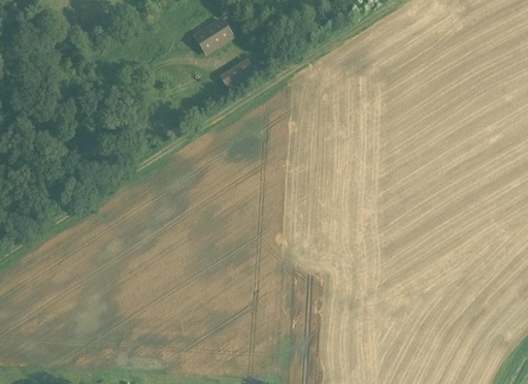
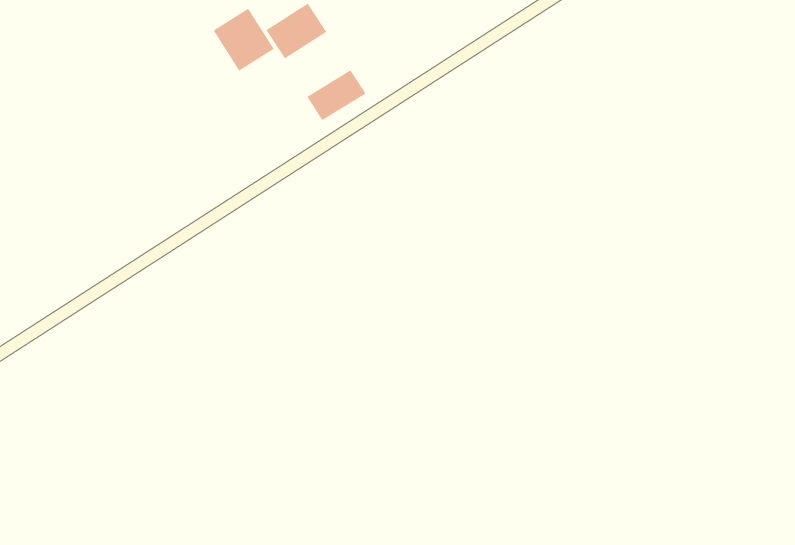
building: none -> [213,8,274,71]

